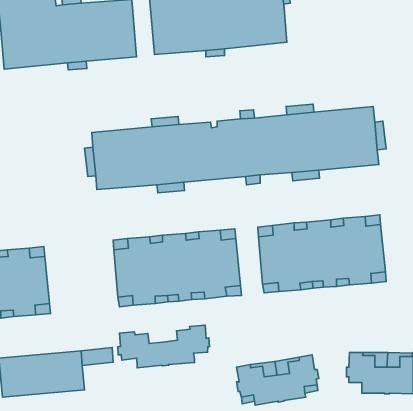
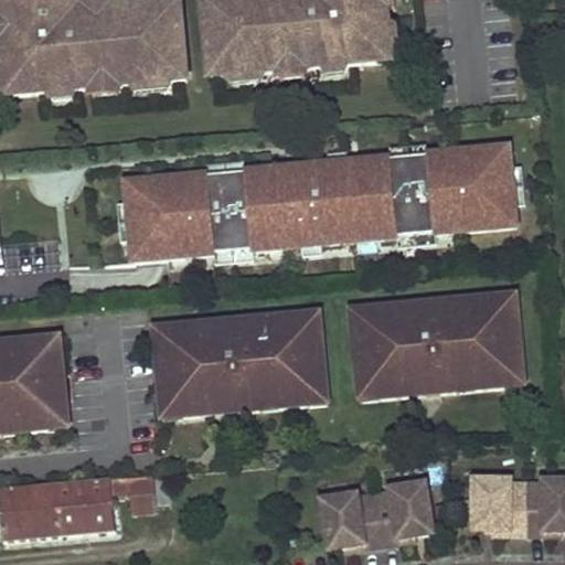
building: [118,325,210,368] -> none

